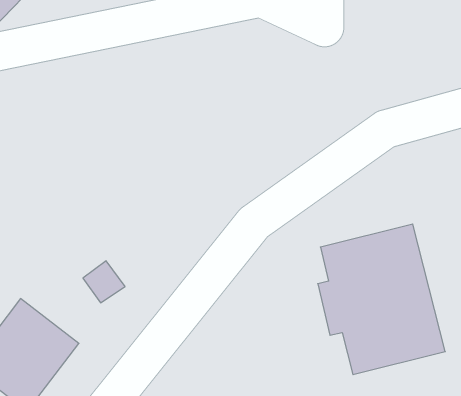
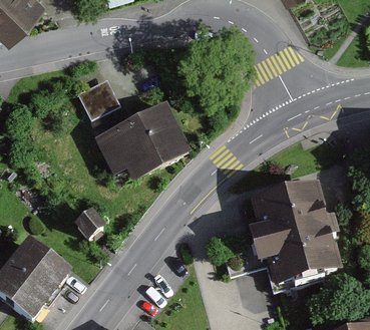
building: none -> [77,82,120,123]
building: none -> [96,103,190,181]

